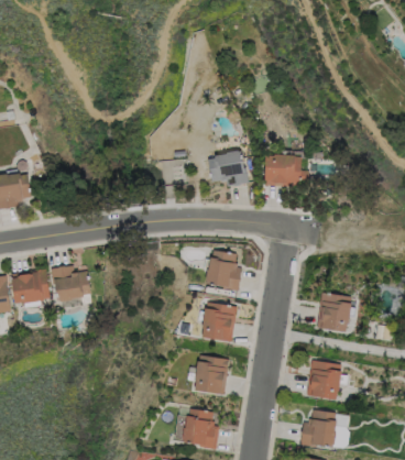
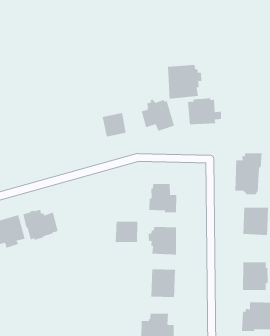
building: none -> [167,64,202,100]
building: none -> [235,152,262,195]
building: none -> [115,221,138,243]

